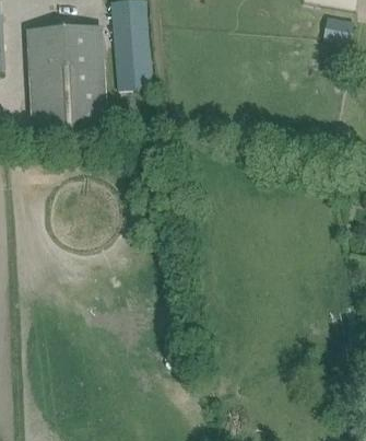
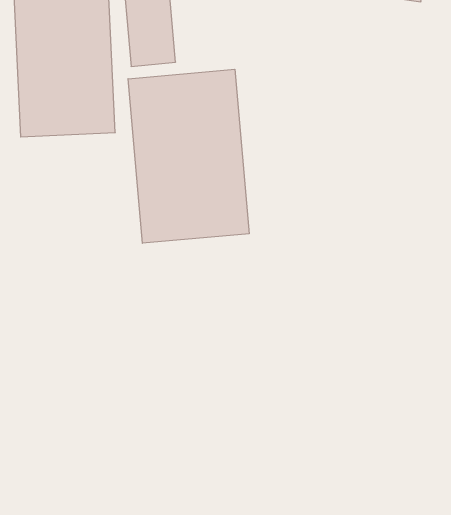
building: none -> [128,69,249,243]

